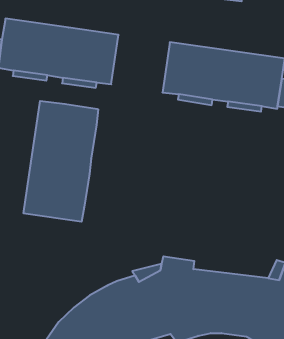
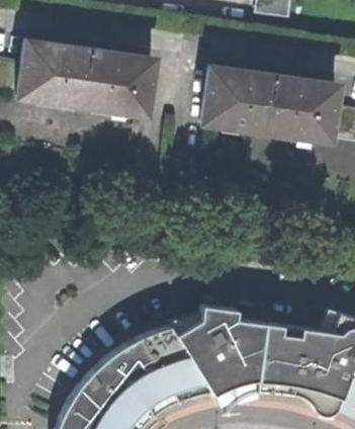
building: [24,101,98,222] -> none

